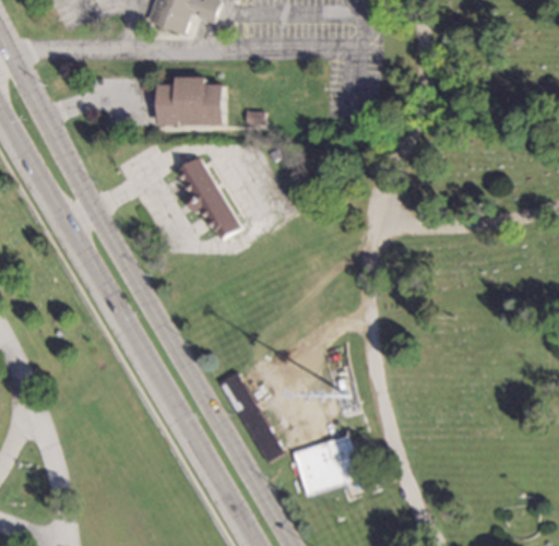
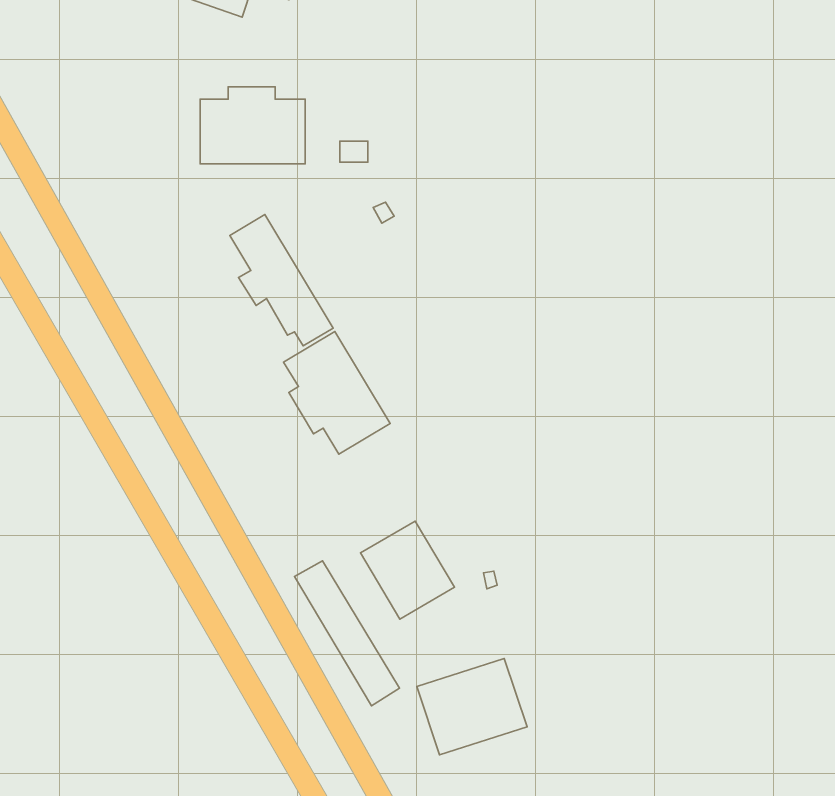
building: none -> [284,331,390,454]
building: none -> [360,521,455,619]

